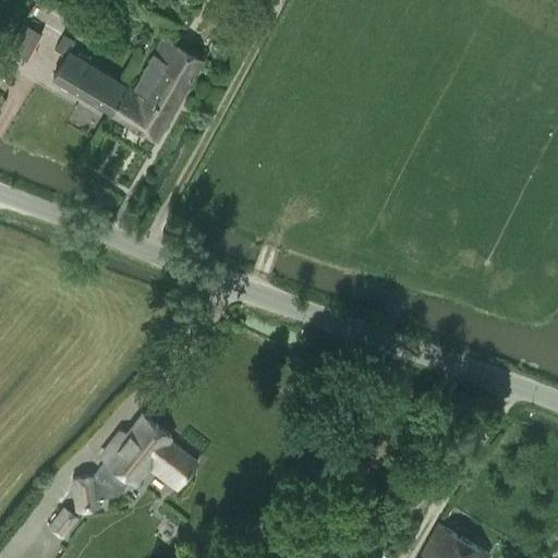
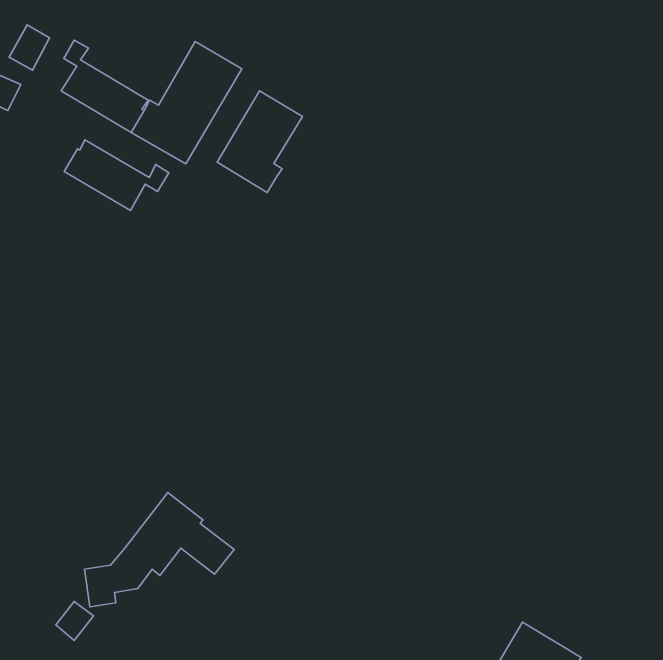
building: none -> [217,91,303,192]
building: none -> [64,140,169,211]

